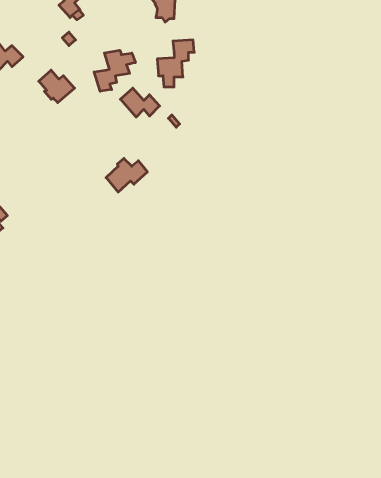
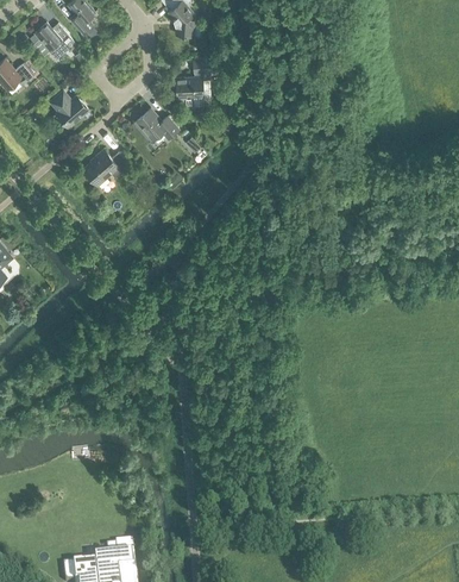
building: none -> [33,21,75,49]
building: [94,50,135,91] -> none
building: [106,158,147,192] -> [83,149,127,184]

